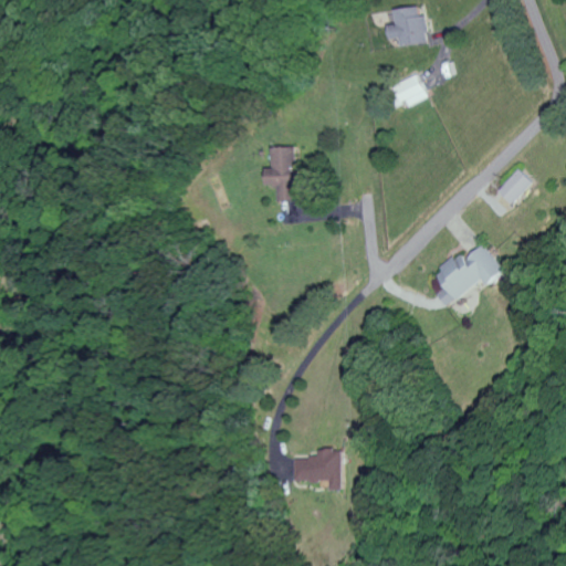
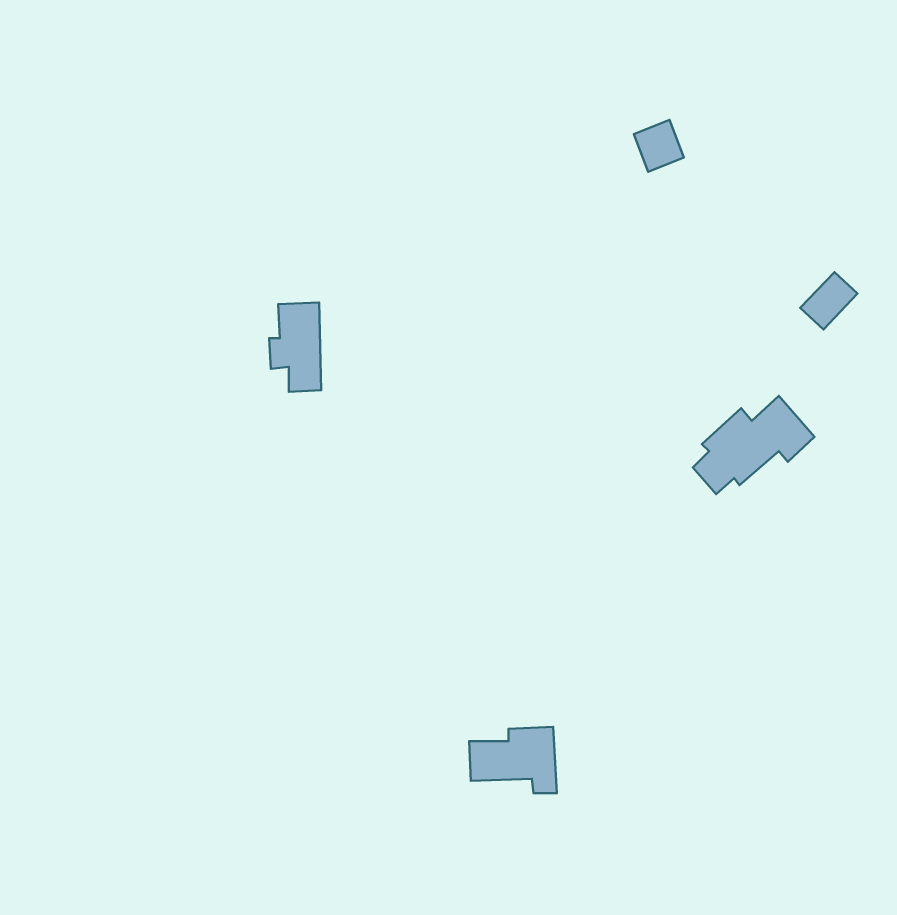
building: [384,6,422,45] -> none
building: [263,146,295,201] -> [269,302,321,392]

